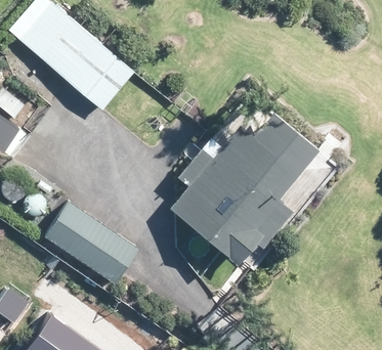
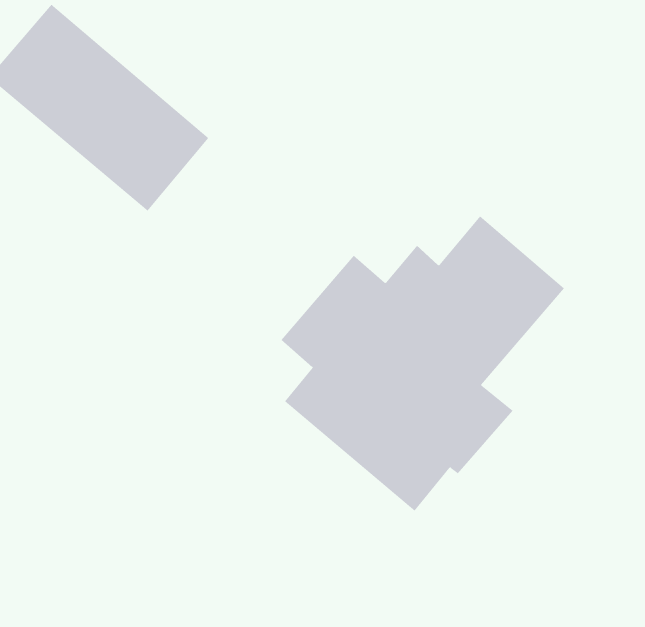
building: [47,204,138,285] -> none

